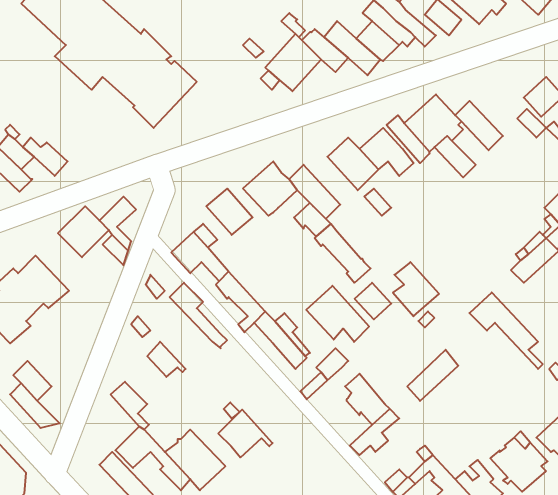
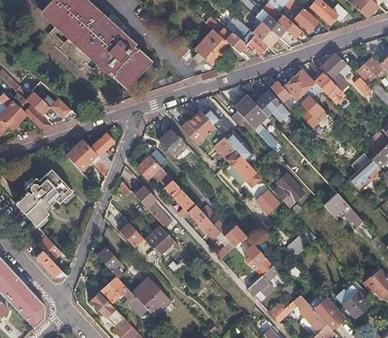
building: none -> [319,52,351,92]
building: [306,286,369,342] -> none
building: [218,410,273,457] -> [145,225,179,255]

